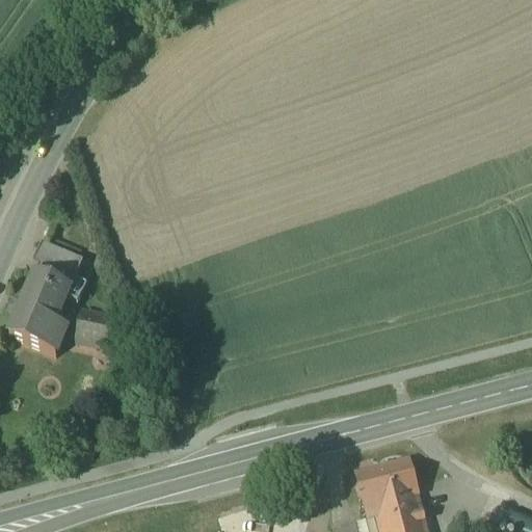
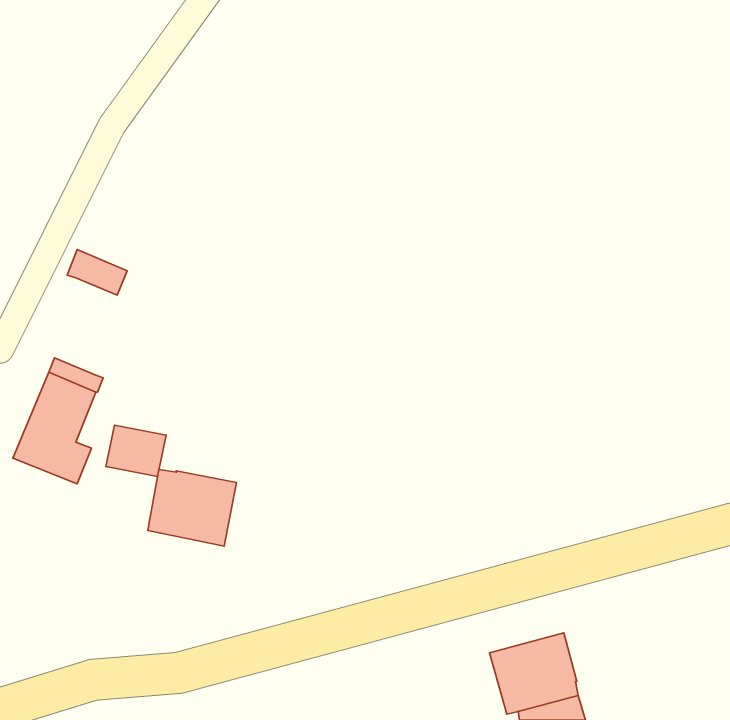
building: [34,239,78,272] -> [67,249,127,295]
building: none -> [148,469,237,546]

